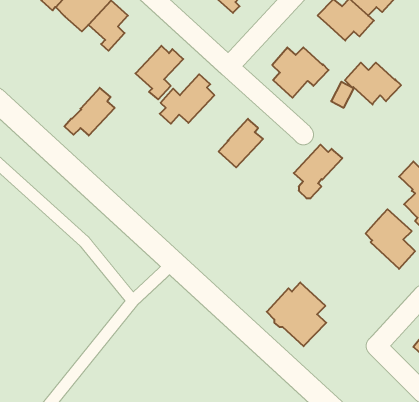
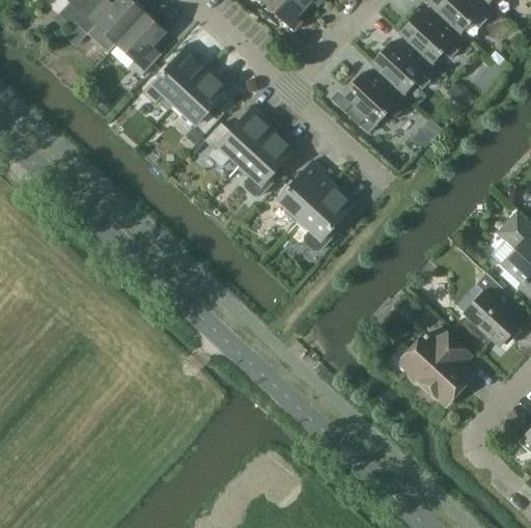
building: [345,63,401,105] -> [370,41,440,93]
building: [64,88,115,136] -> [143,45,205,104]
building: none -> [239,131,298,196]
building: [294,145,342,198] -> [298,185,358,251]
building: [267,282,326,346] -> [398,326,472,405]

